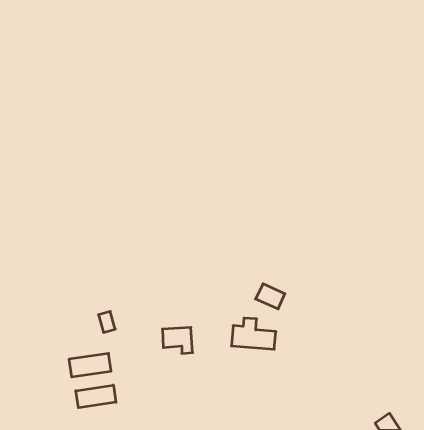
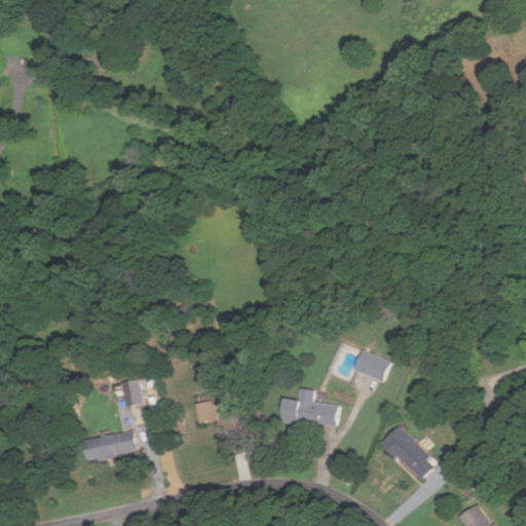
building: [255,284,285,309] -> [352,350,388,381]
building: none -> [382,426,436,480]
building: [76,385,116,408] -> none

